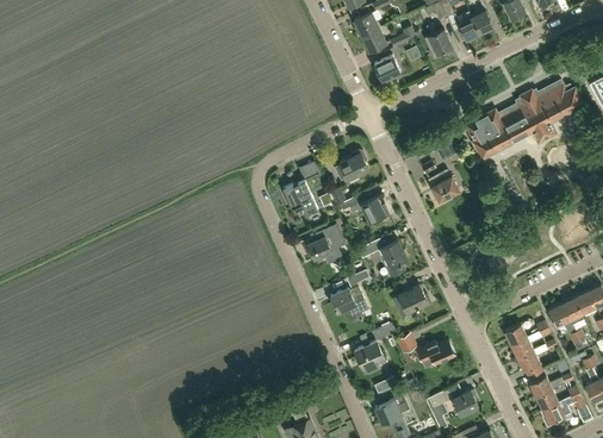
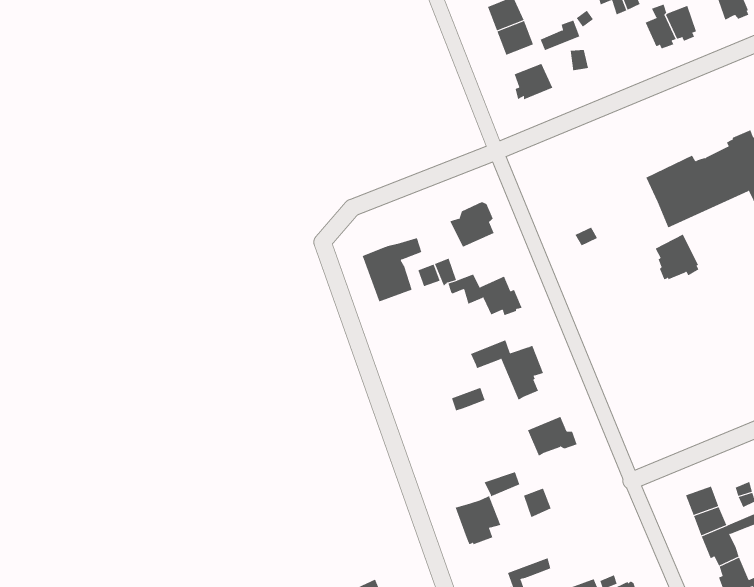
building: [423,25,452,60] -> none
building: [429,170,459,201] -> [655,234,699,280]
building: [307,225,344,264] -> none
building: [330,286,367,315] -> none
building: [417,342,455,369] -> none

